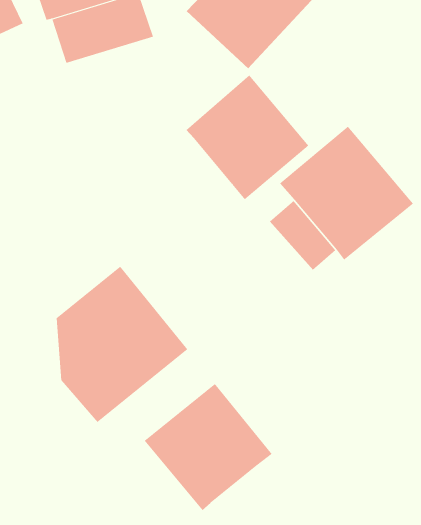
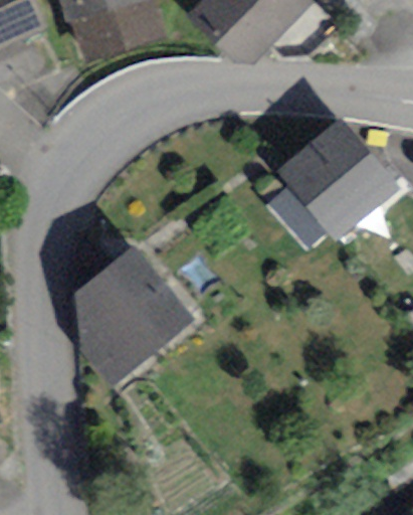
building: [186,74,309,200] -> none
building: [144,383,272,511] -> none

